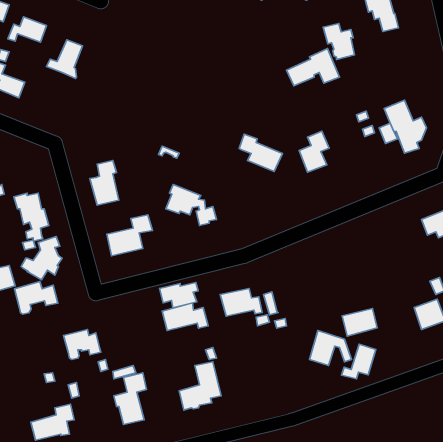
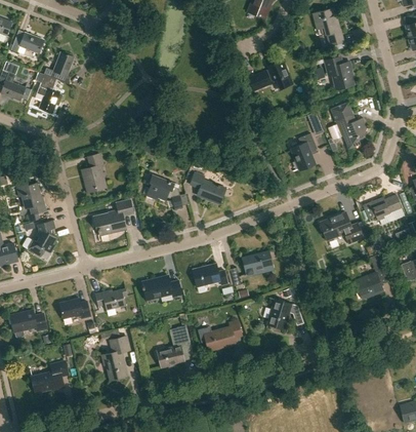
building: [323,23,354,60] -> [326,57,352,88]
building: none -> [36,72,60,113]
building: [299,131,329,172] -> [291,133,317,168]
building: [239,134,283,171] -> [190,171,226,203]
building: none -> [320,211,363,243]
building: [14,281,58,314] -> [10,310,47,338]
building: [160,282,198,308] -> [94,288,127,310]
building: [342,309,377,336] -> [242,251,272,275]
building: [342,344,376,379] -> none
building: none -> [198,320,242,350]

